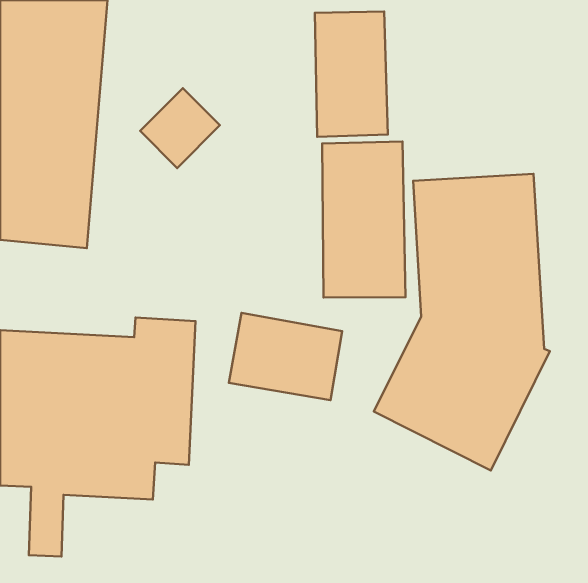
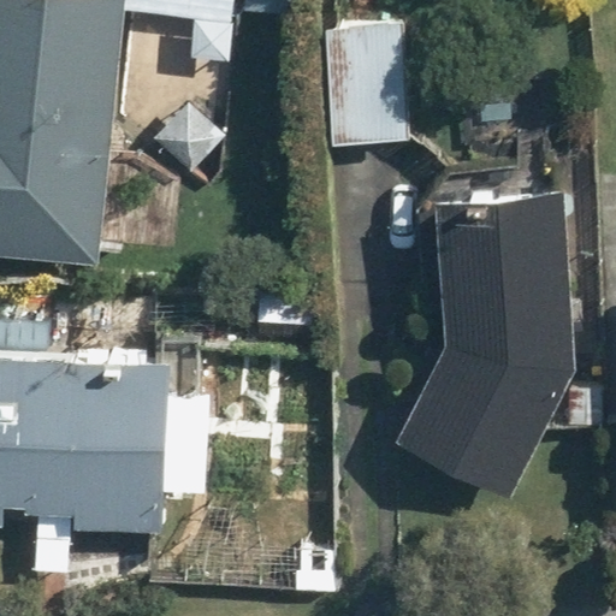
building: [322,142,405,298] -> none
building: [229,313,342,400] -> none

